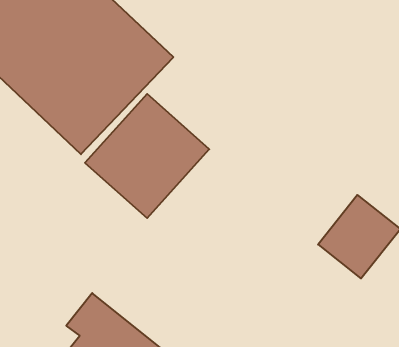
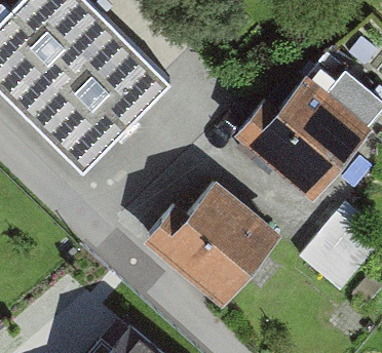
building: none -> [258,81,367,191]
building: [85,94,209,218] -> [166,187,279,300]

